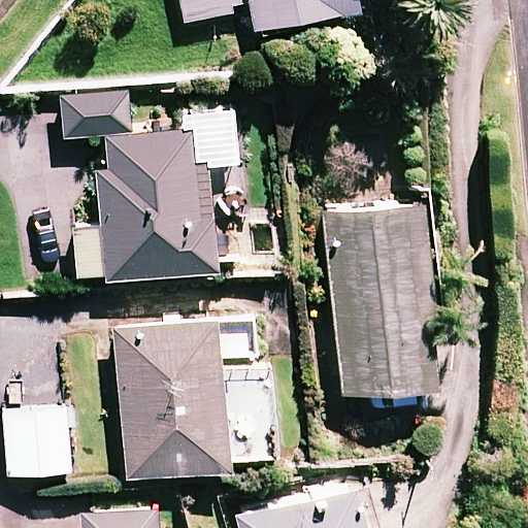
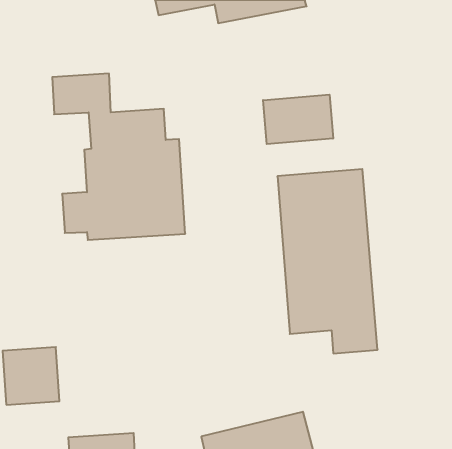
building: none -> [263,95,333,144]
building: [116,321,229,476] -> none

